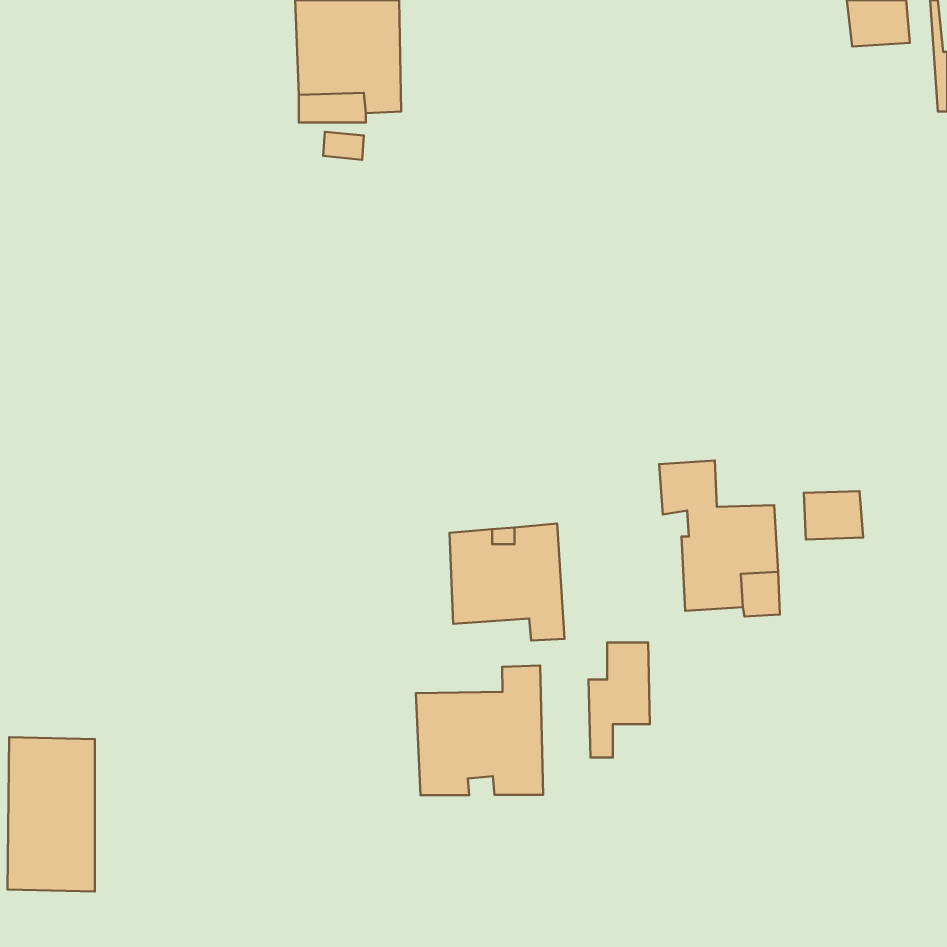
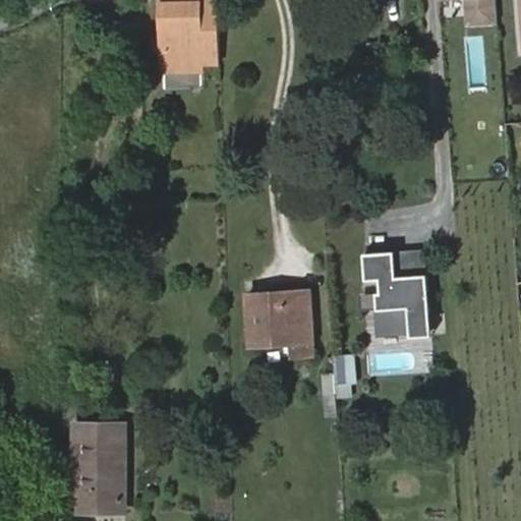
building: [804,491,863,539] -> [392,252,424,279]
building: [416,666,543,795] -> none
building: [7,737,95,891] -> [73,425,121,510]

